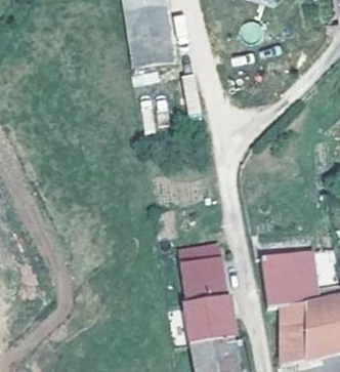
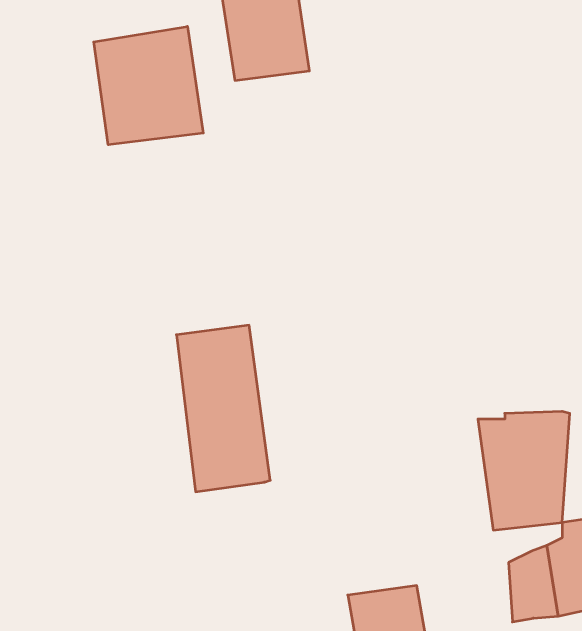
building: none -> [94,26,203,145]
building: [180,248,230,337] -> [176,325,270,492]

